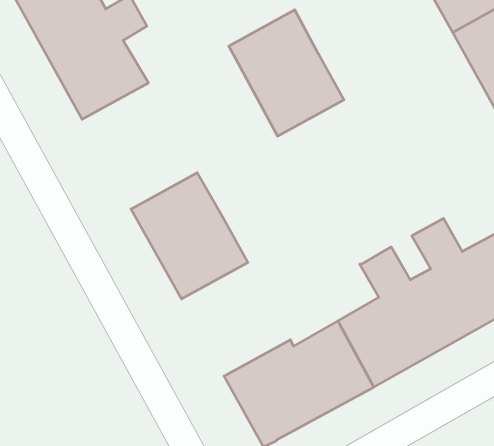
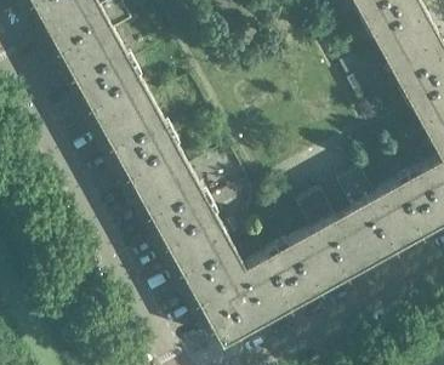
building: [229,10,344,136] -> [82,65,171,162]
building: none -> [159,204,243,291]

